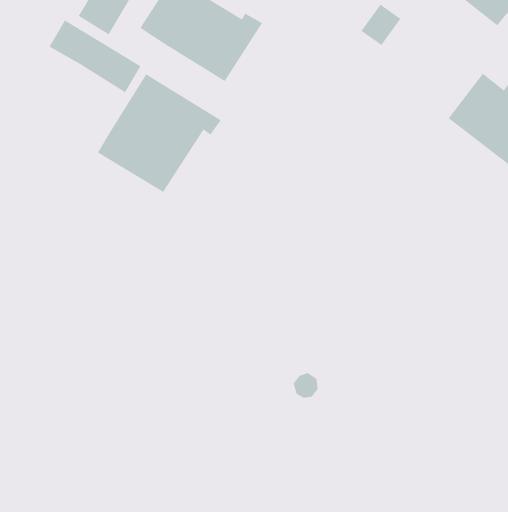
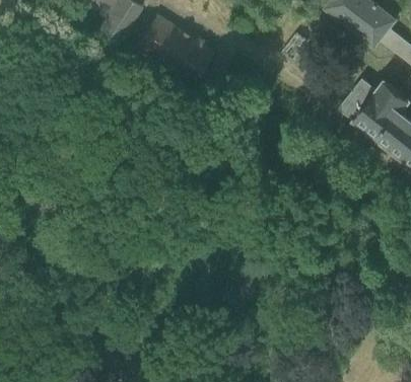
building: [49,20,141,93] -> none
building: [97,74,221,193] -> none

